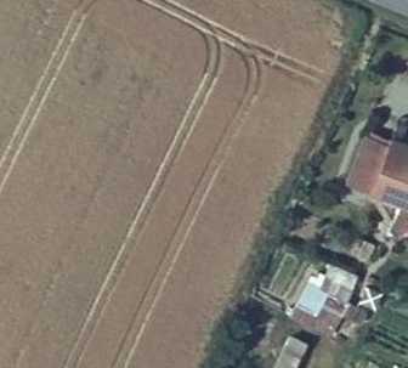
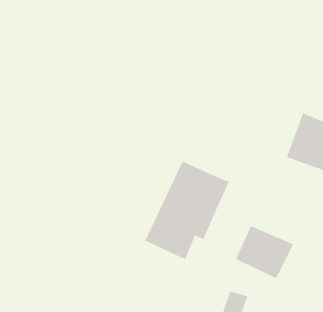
building: none -> [145,161,229,260]

